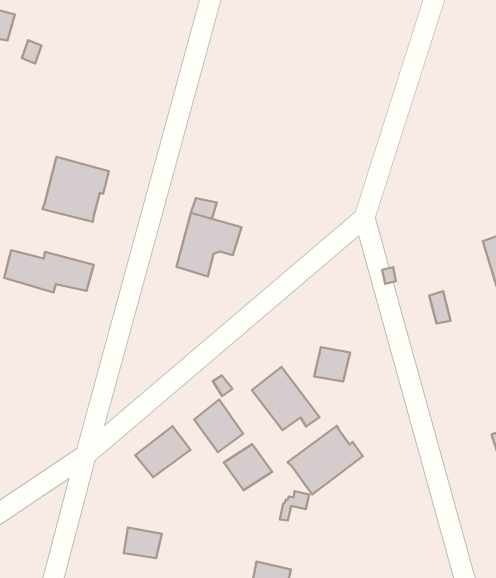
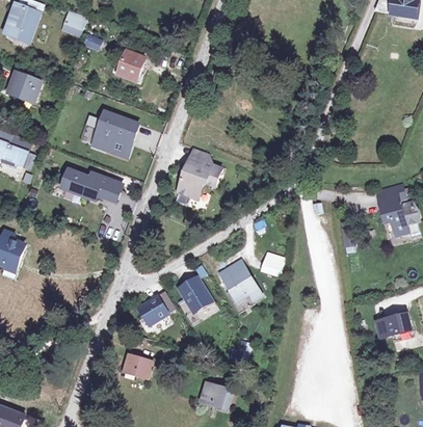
building: none -> [117,51,146,82]
building: [288,426,363,495] -> none
building: [224,444,272,490] -> none

